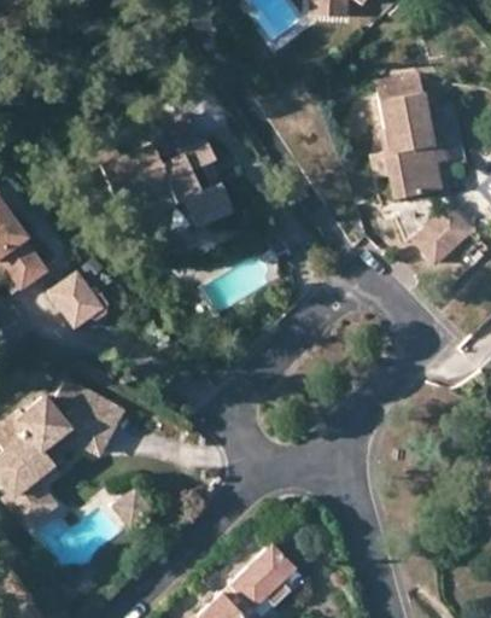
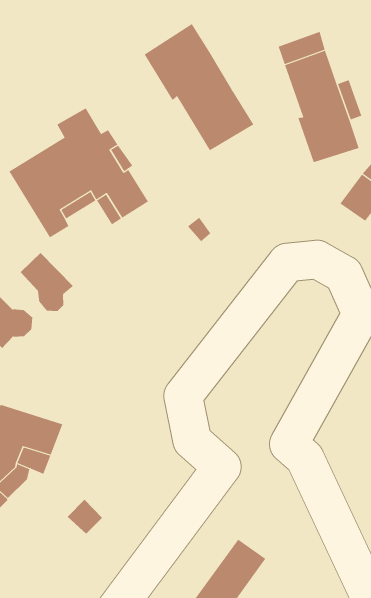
building: none -> [144,23,254,151]
building: none -> [20,252,74,312]

